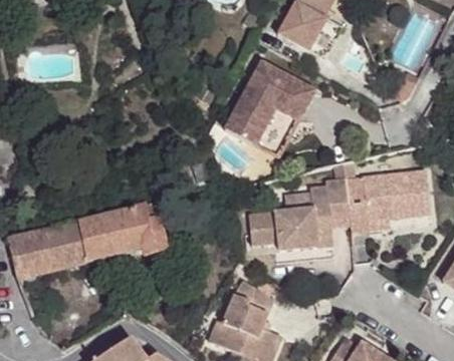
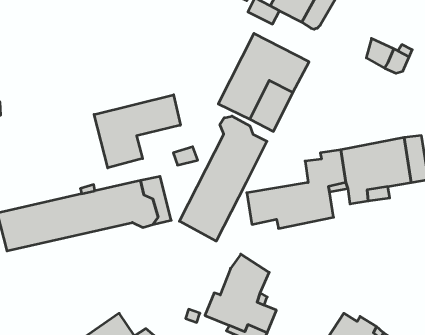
building: none -> [94,95,180,168]
building: none -> [179,116,267,241]

